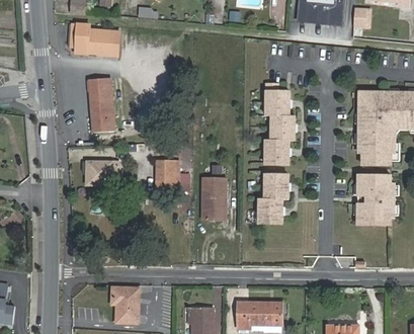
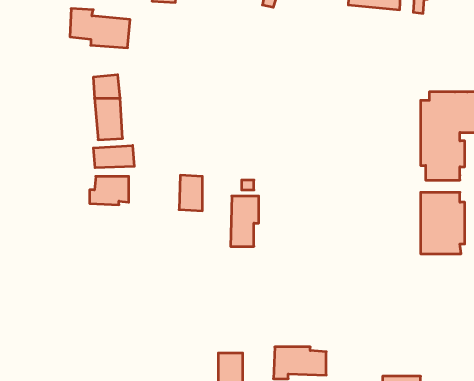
building: [264,82,294,164] -> none
building: none -> [93,145,134,168]
building: [258,174,287,223] -> none
building: [110,286,138,323] -> none

